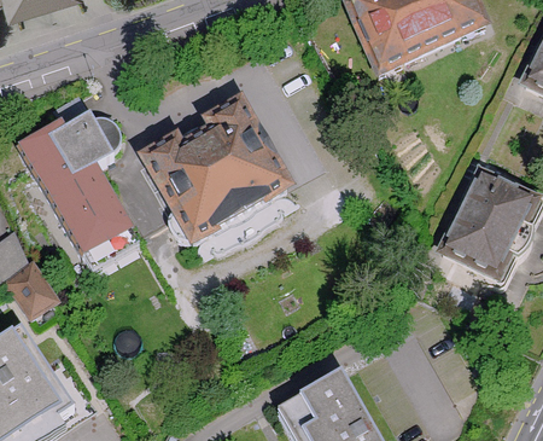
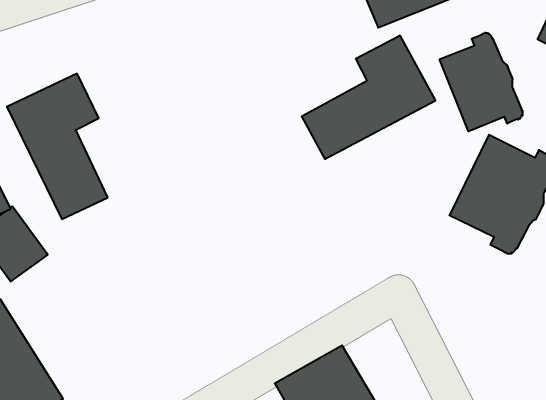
building: none -> [440,33,522,131]
building: none -> [302,35,435,159]
building: [140,111,297,251] -> none

